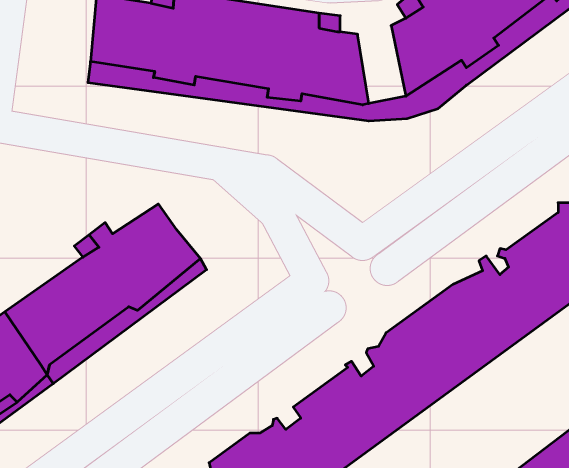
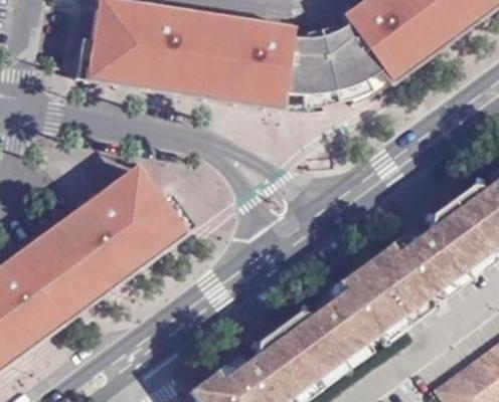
building: none -> [308,32,347,95]

